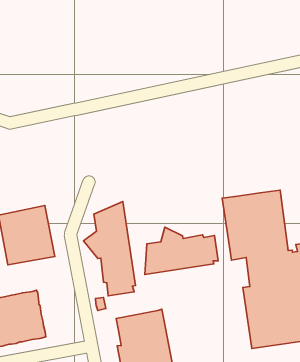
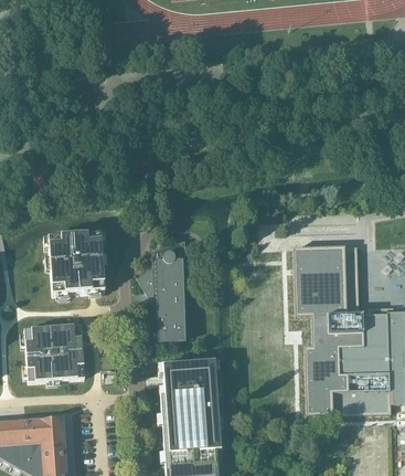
building: [145,227,218,274] -> none

